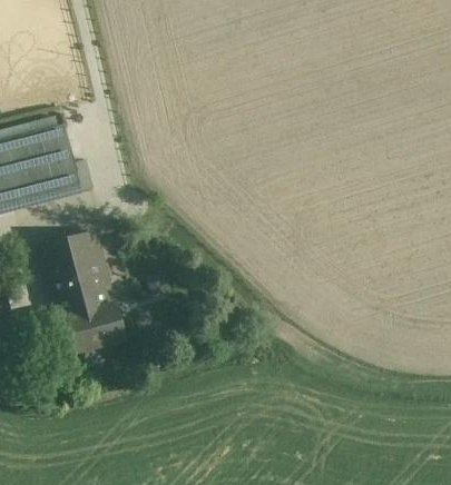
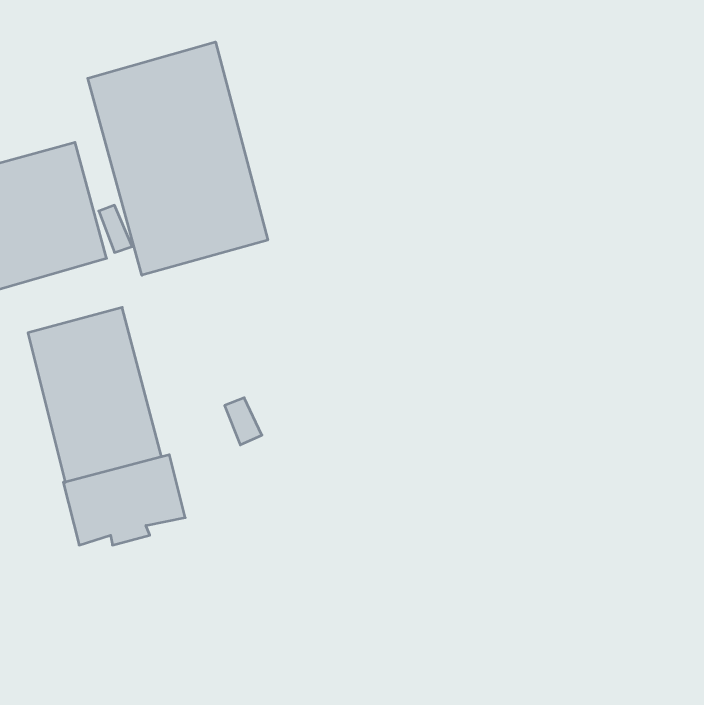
building: none -> [88,42,268,275]

